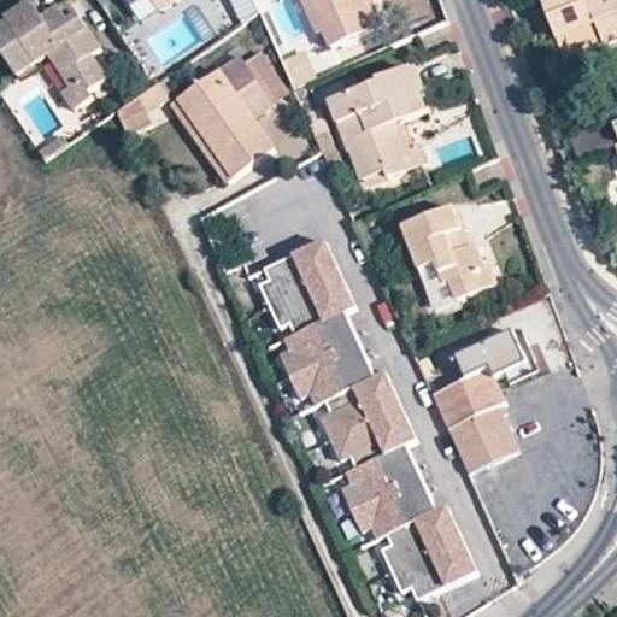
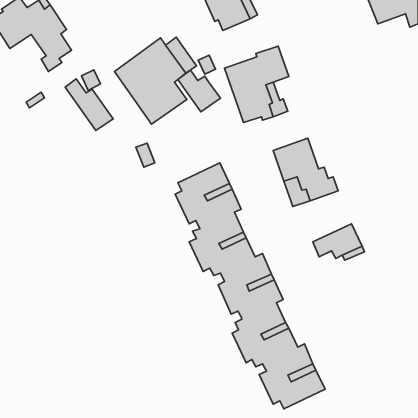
building: none -> [178,70,221,112]
building: none -> [65,79,113,131]
building: [434,368,516,469] -> none

